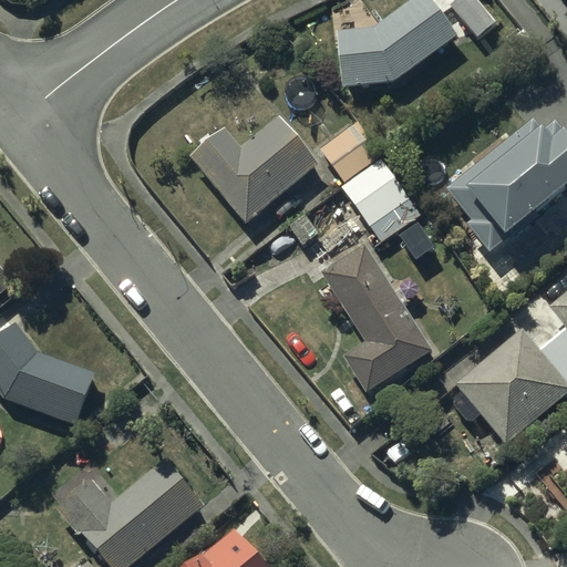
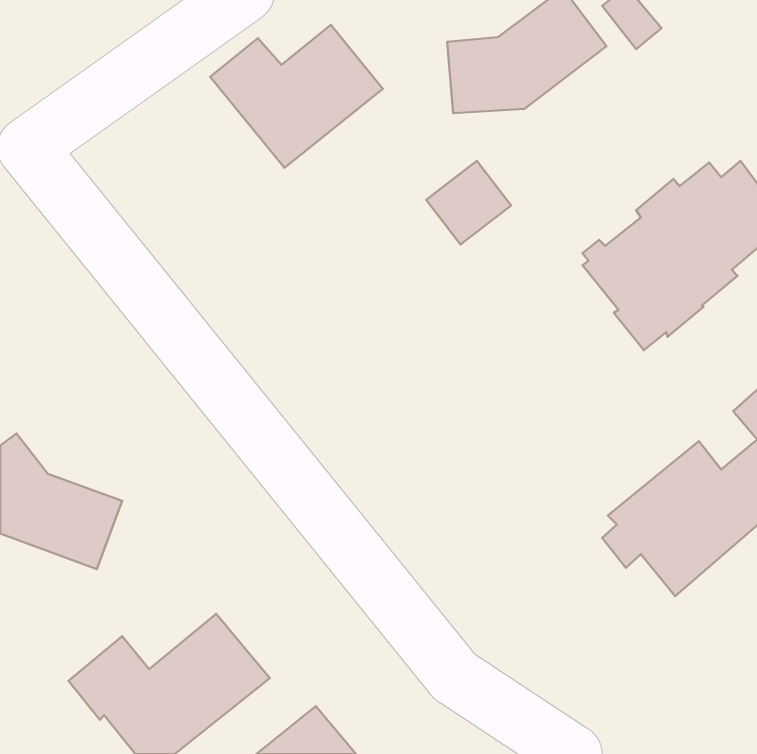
building: [189,117,318,224] -> [210,25,383,168]
building: [342,157,420,238] -> none
building: [321,245,431,391] -> none

